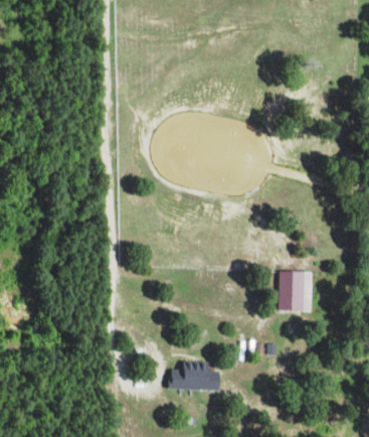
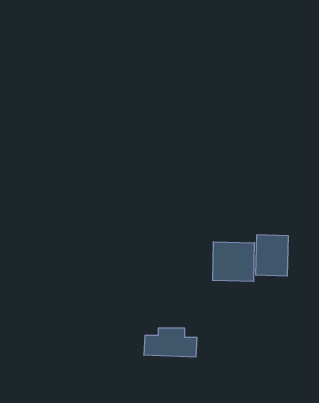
building: none -> [213,242,254,282]

